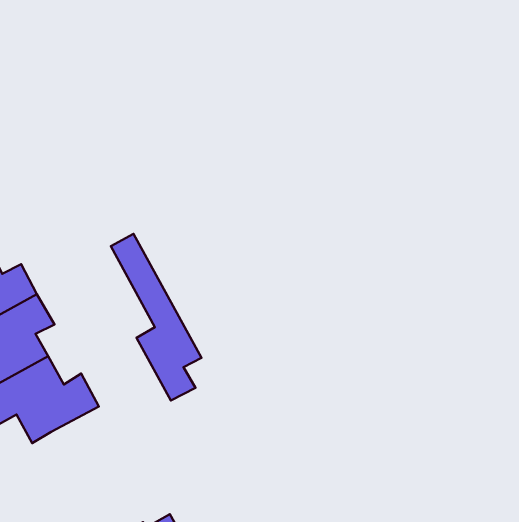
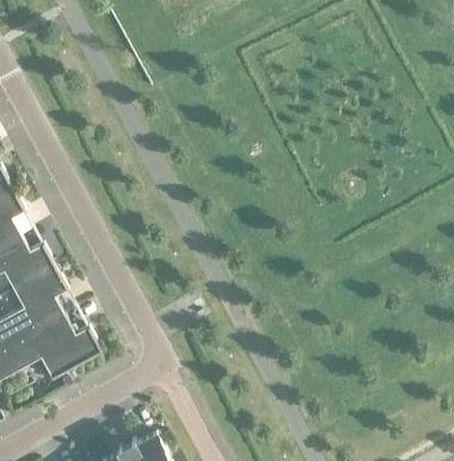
building: [111,234,201,400] -> none

